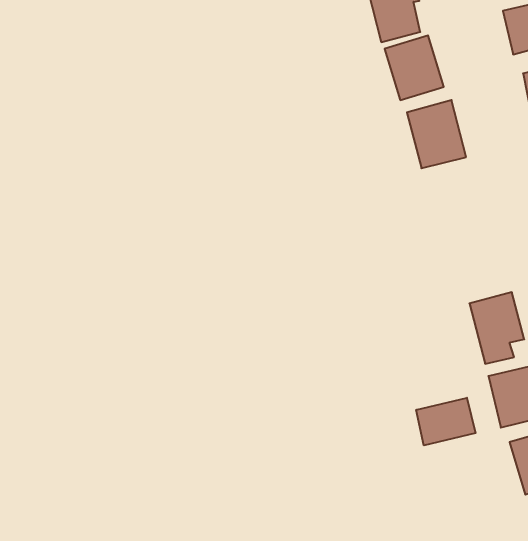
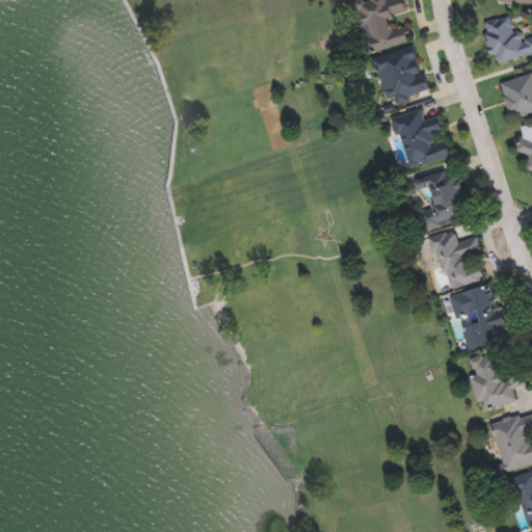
building: none -> [413,168,467,229]
building: none -> [429,229,480,290]
building: [416,398,476,445] -> none

